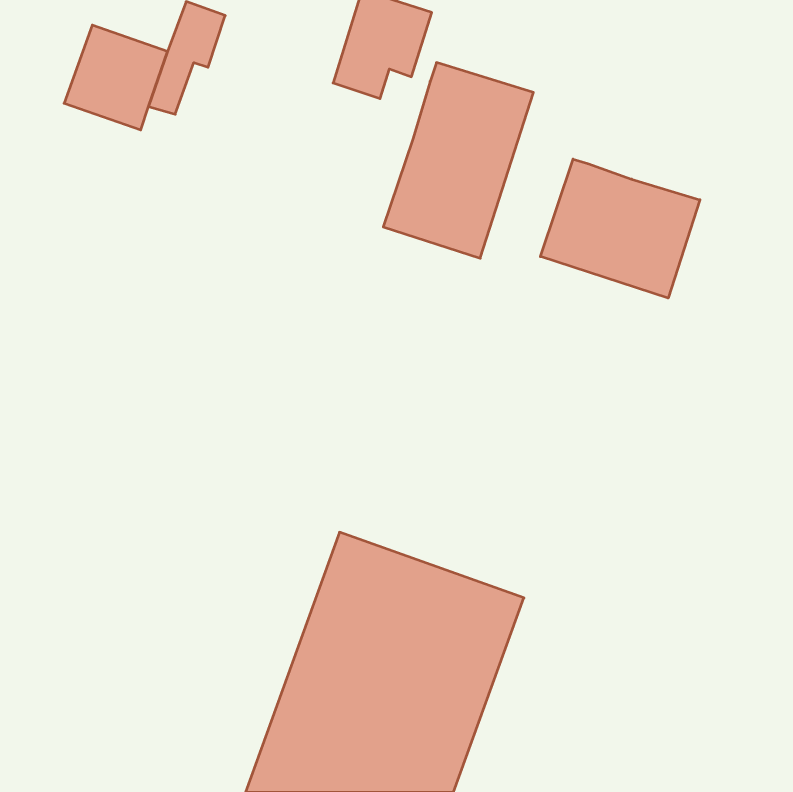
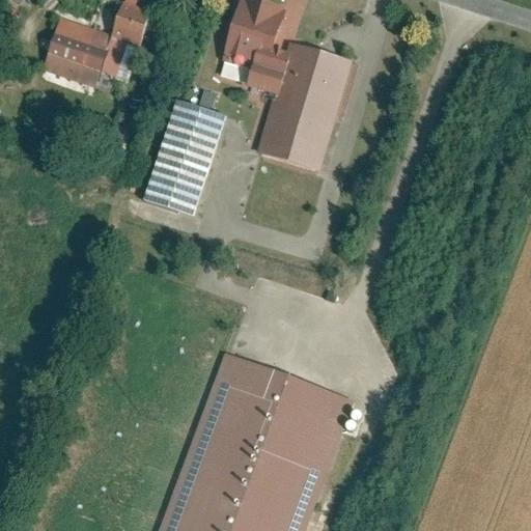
building: none -> [247,46,285,92]
building: none -> [144,101,225,214]
building: [540,159,700,298] -> none

